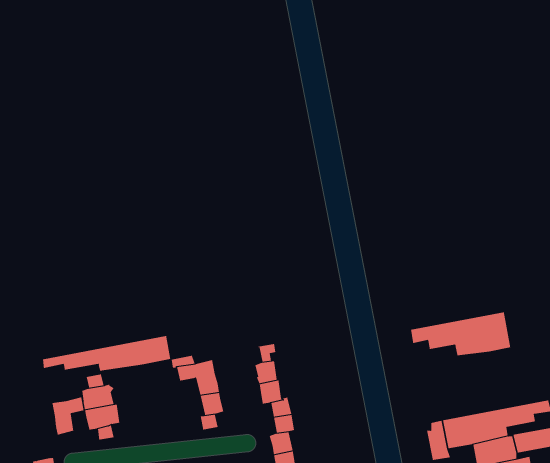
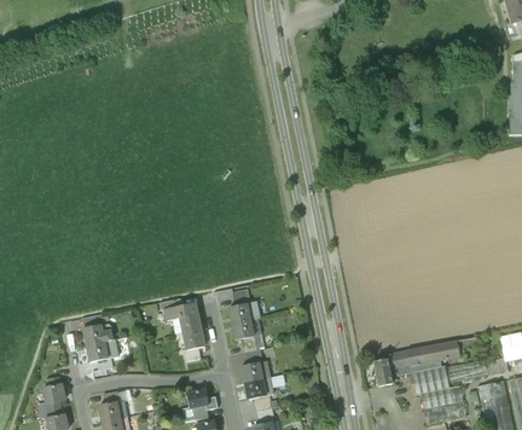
building: [411,311,511,356] -> none
building: [42,335,171,372] -> none
building: [52,397,84,435] -> none

